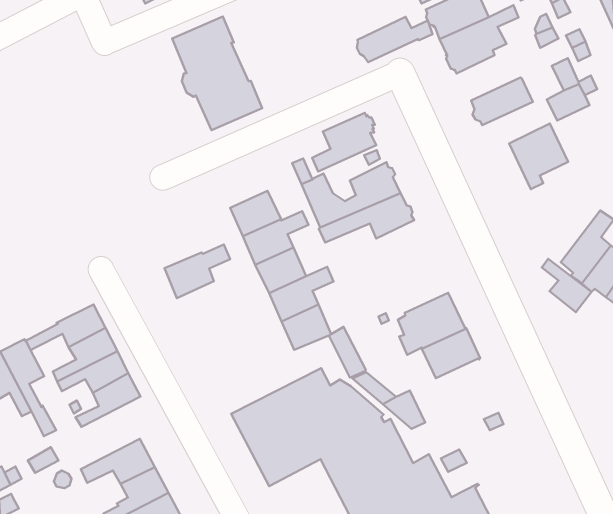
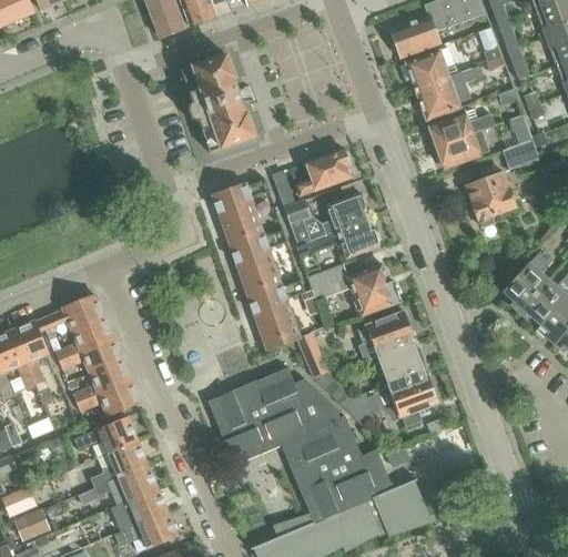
building: [357,17,433,62] -> [428,109,495,145]
building: none -> [307,264,400,316]
building: [164,244,230,298] -> [212,179,270,222]
building: [542,259,591,312] -> none
building: none -> [387,369,438,426]
building: none -> [77,379,139,415]

